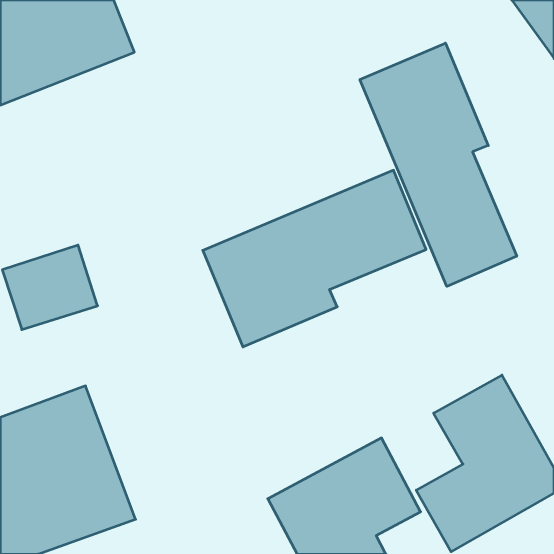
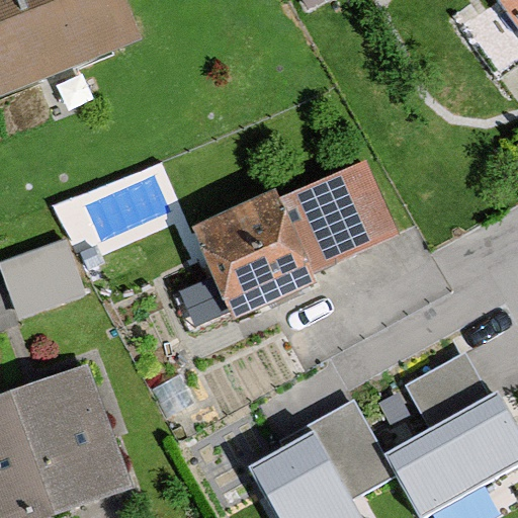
building: [360,43,517,286] -> none

